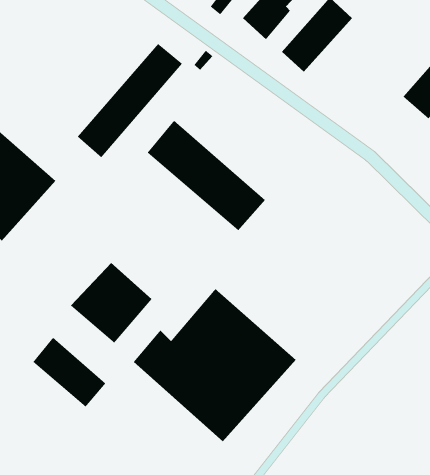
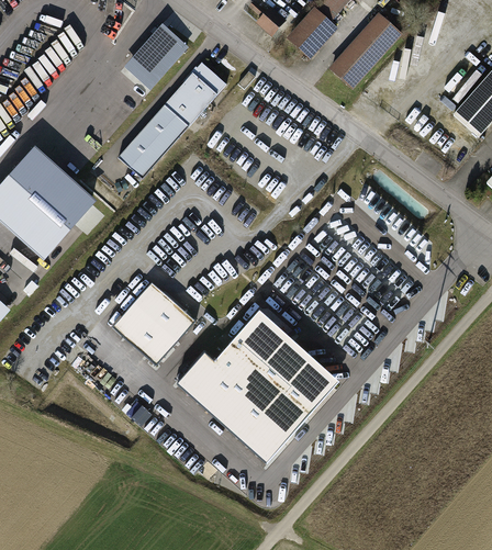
building: none -> [121,22,191,93]
building: [147,120,266,231] -> none
building: [32,337,106,408] -> none

